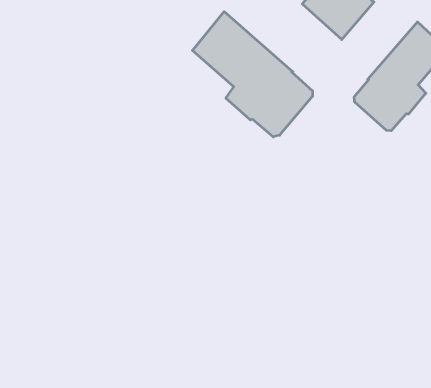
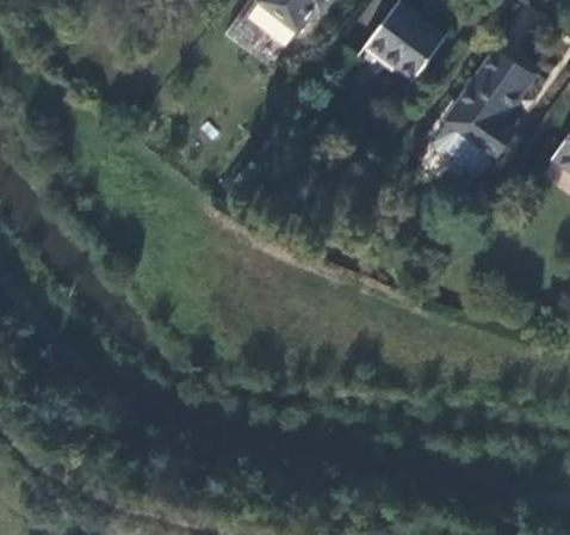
building: [192,12,313,137] -> none

